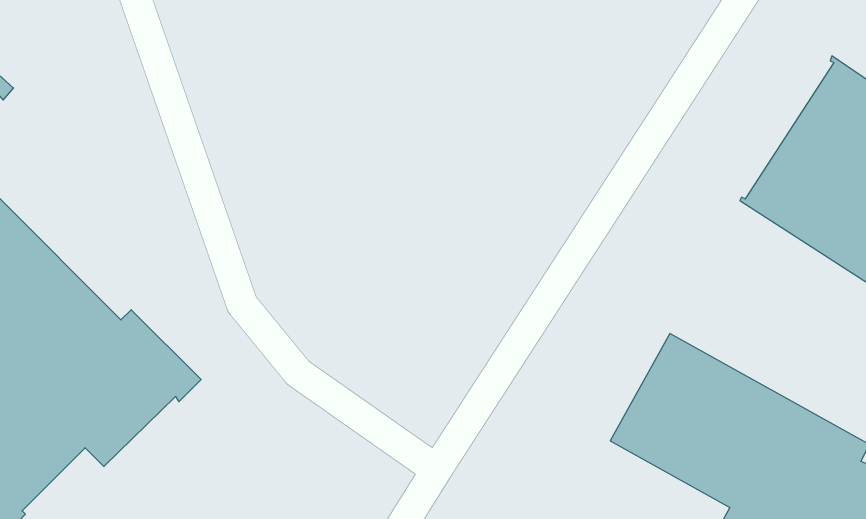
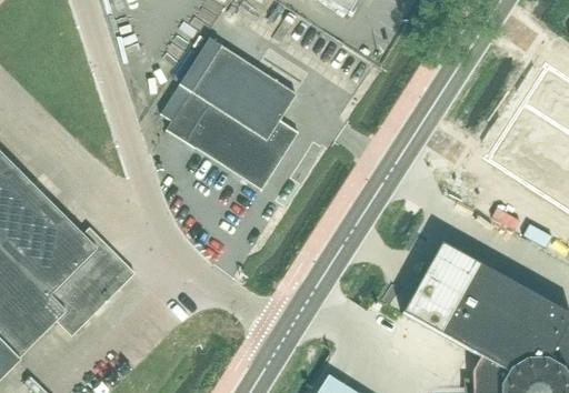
building: none -> [161,36,298,189]

